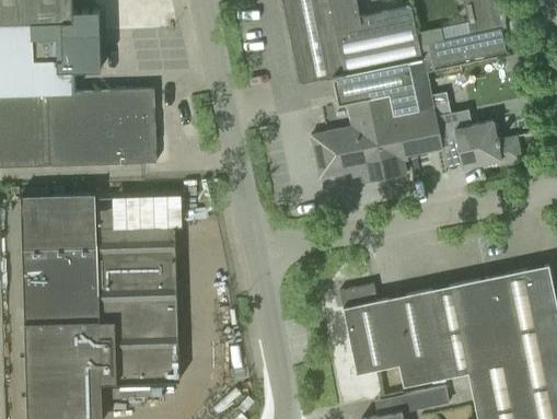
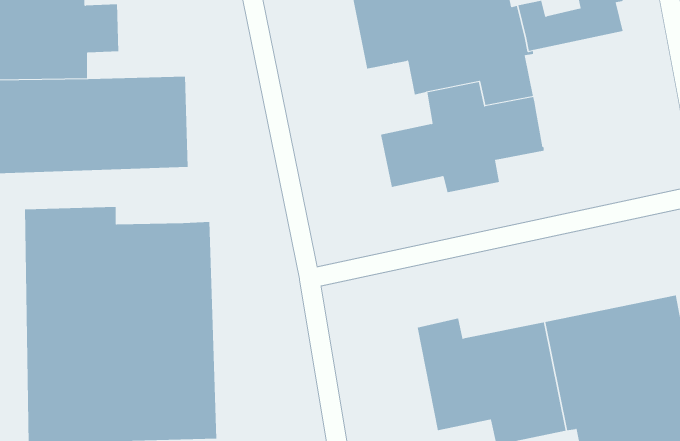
building: [433,102,521,168] -> none

